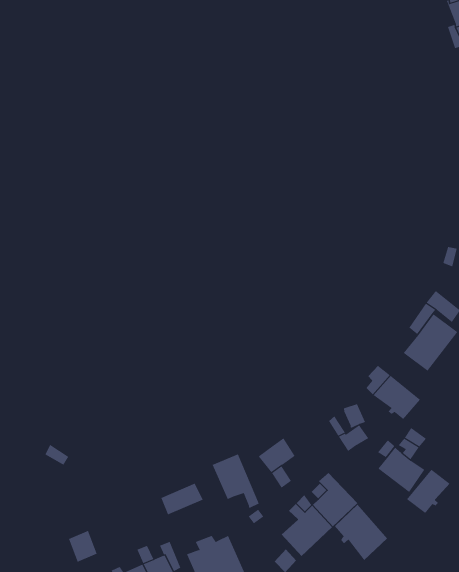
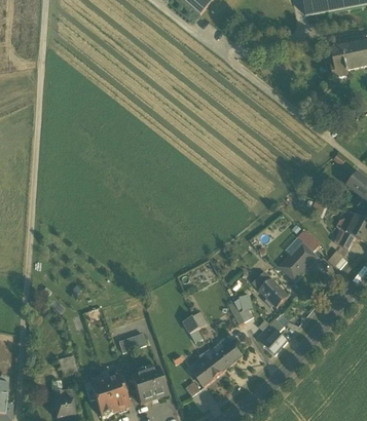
building: [212,453,260,509] -> none
building: [406,469,451,514] -> none
building: [334,504,388,561] -> none

